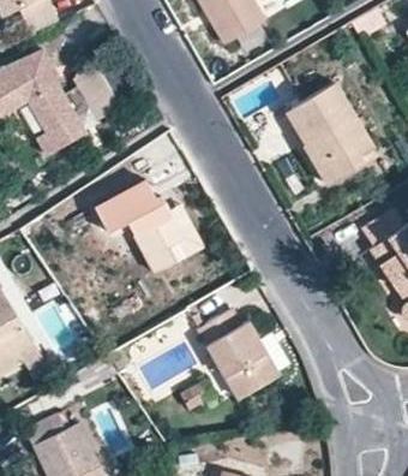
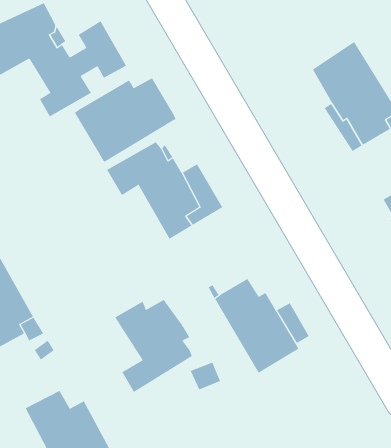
building: none -> [74,78,176,163]
building: none -> [115,299,192,393]

